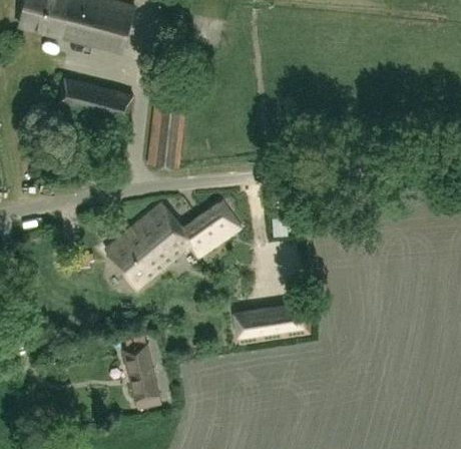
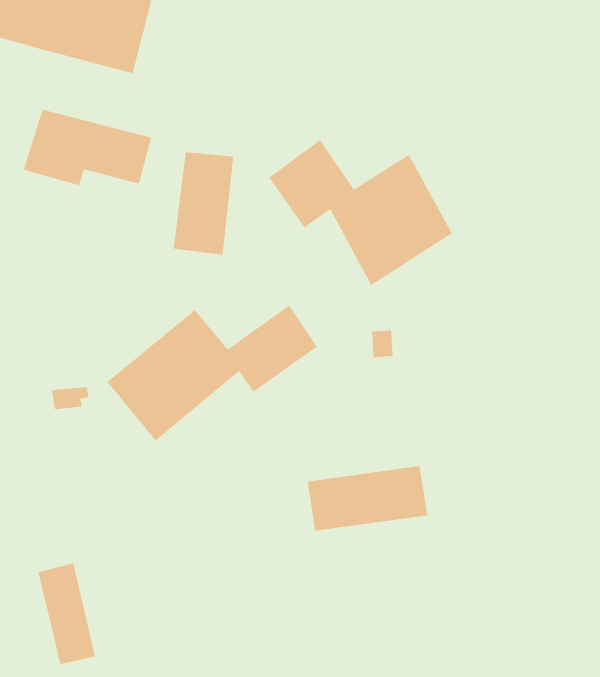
building: none -> [268,139,453,286]
building: [124,342,161,407] -> [38,562,96,665]

